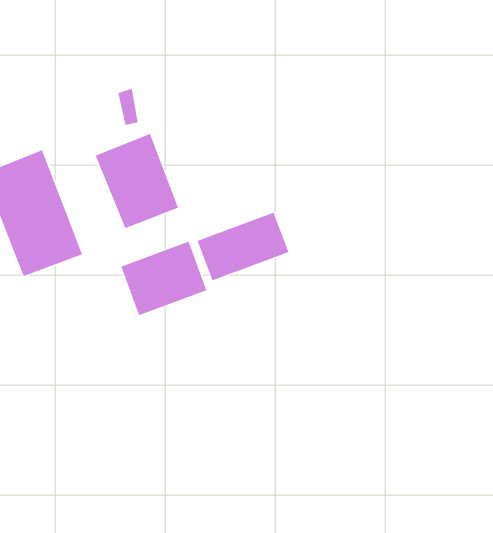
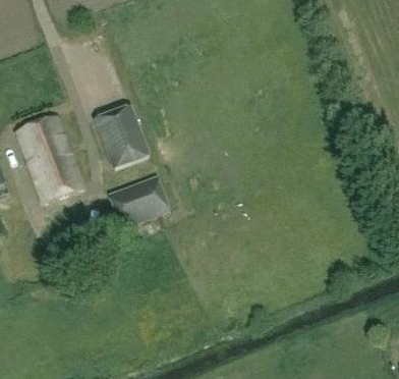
building: [197,212,289,281] -> none

